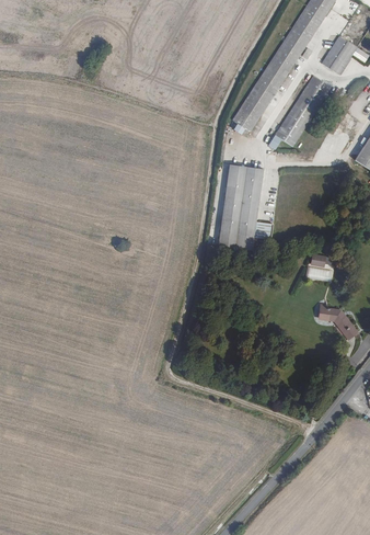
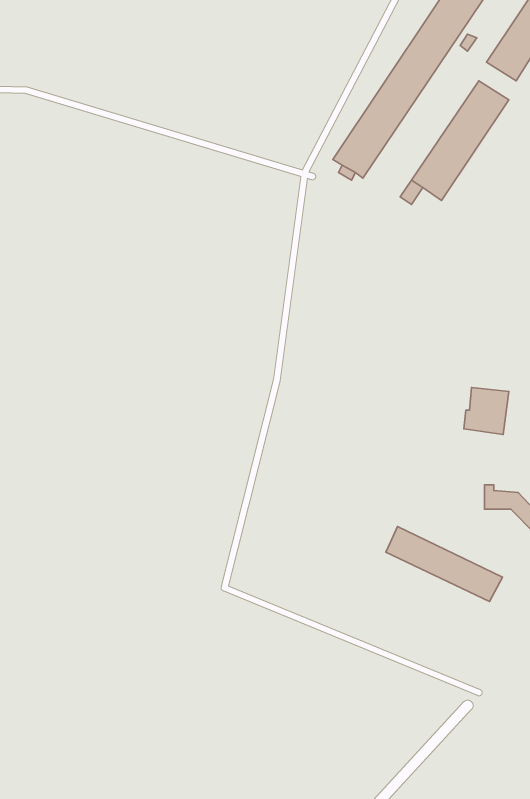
building: [219,166,271,250] -> none
building: none -> [386,527,502,601]

